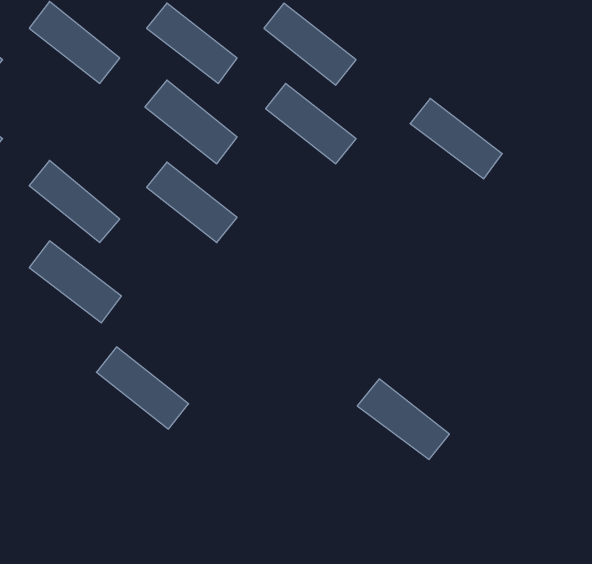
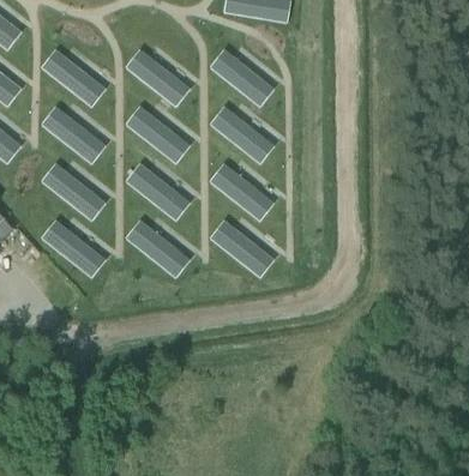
building: none -> [41,104,106,162]
building: [410,98,502,179] -> [209,163,275,221]
building: [96,347,189,429] -> [125,218,191,277]
building: [357,379,449,459] -> [209,219,275,277]

